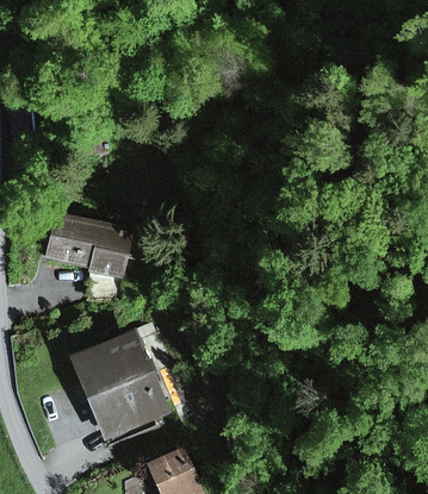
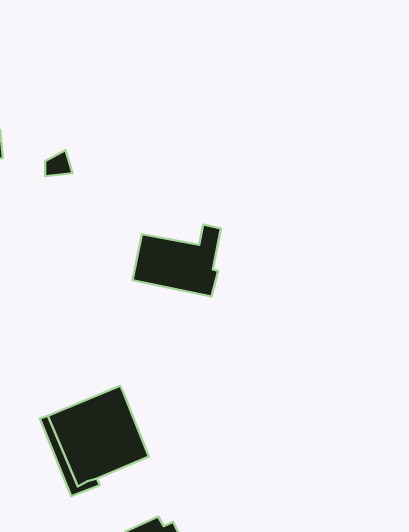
building: [48,211,125,274] -> [132,224,221,297]

